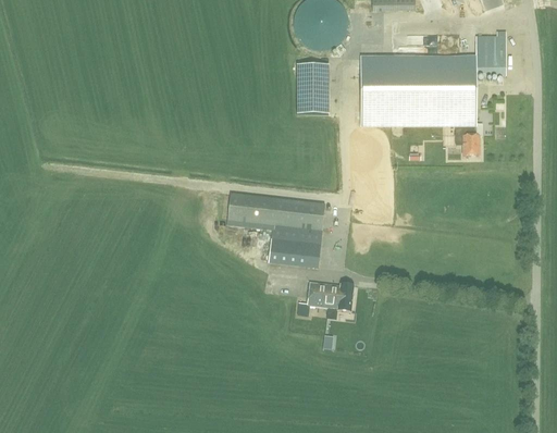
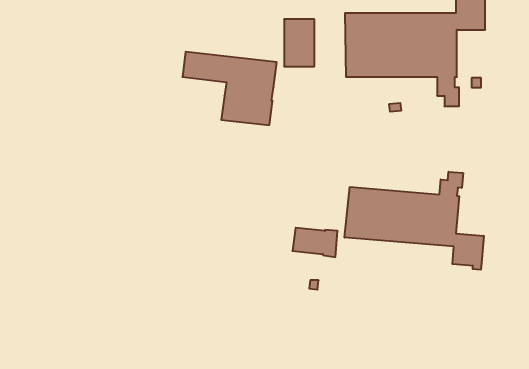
building: [227,191,325,268] -> [182,52,277,125]
building: none -> [345,172,484,270]

